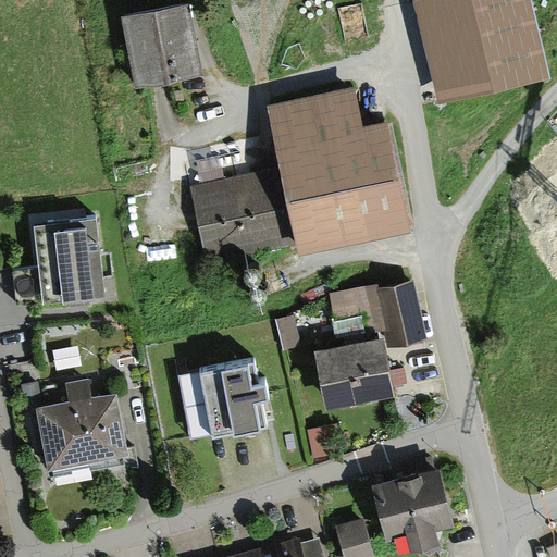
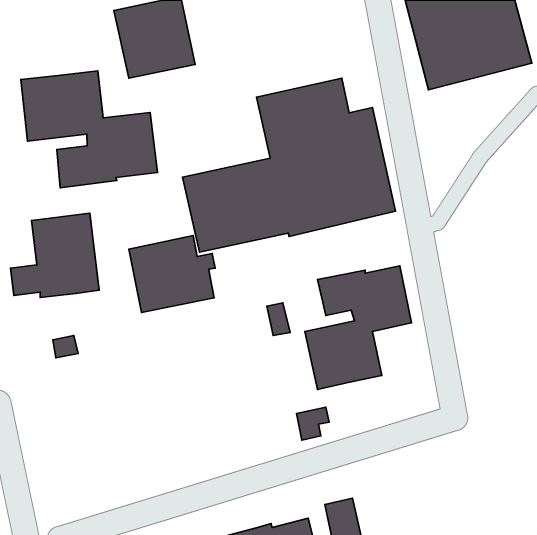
building: none -> [21,71,158,188]
building: [180,361,269,441] -> [129,235,215,312]
building: [18,384,127,472] -> none
building: [370,460,456,547] -> none

